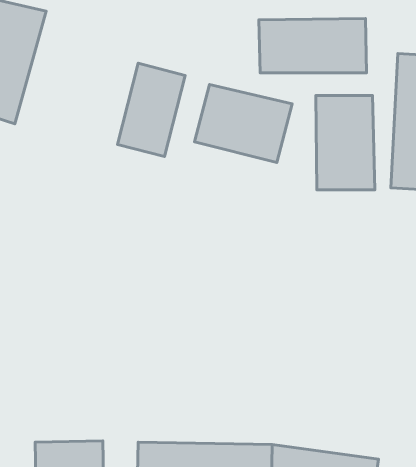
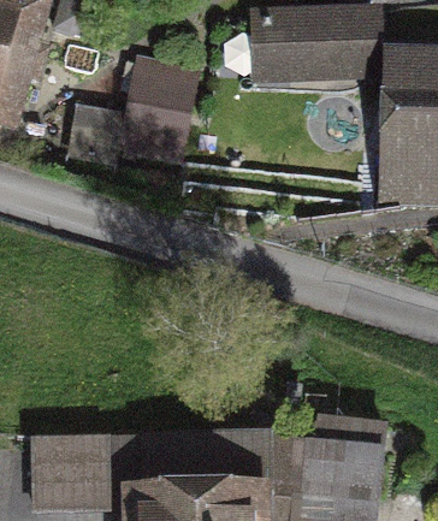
building: [195,84,292,163] -> none
building: [316,96,375,190] -> none

